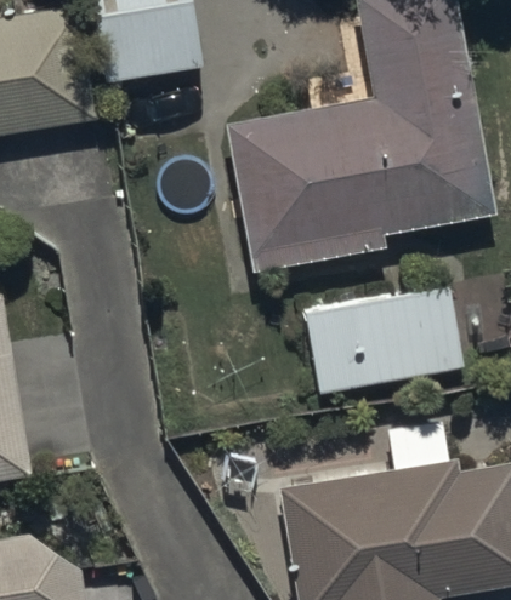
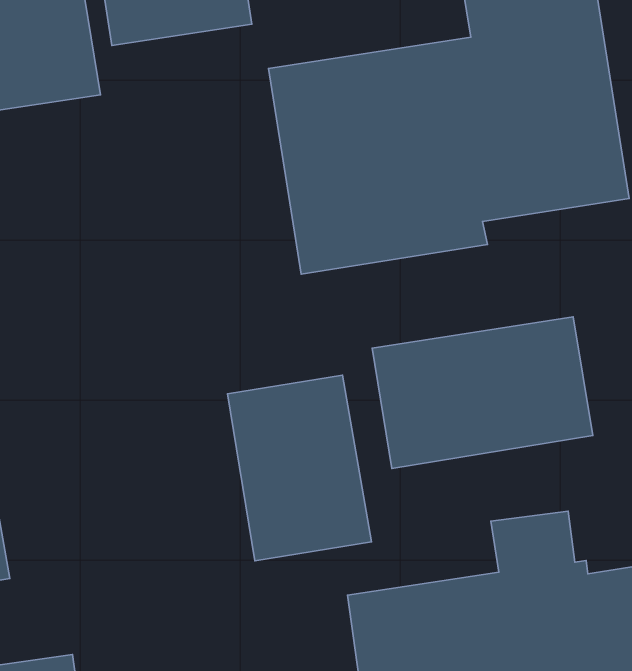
building: none -> [228,375,371,561]

